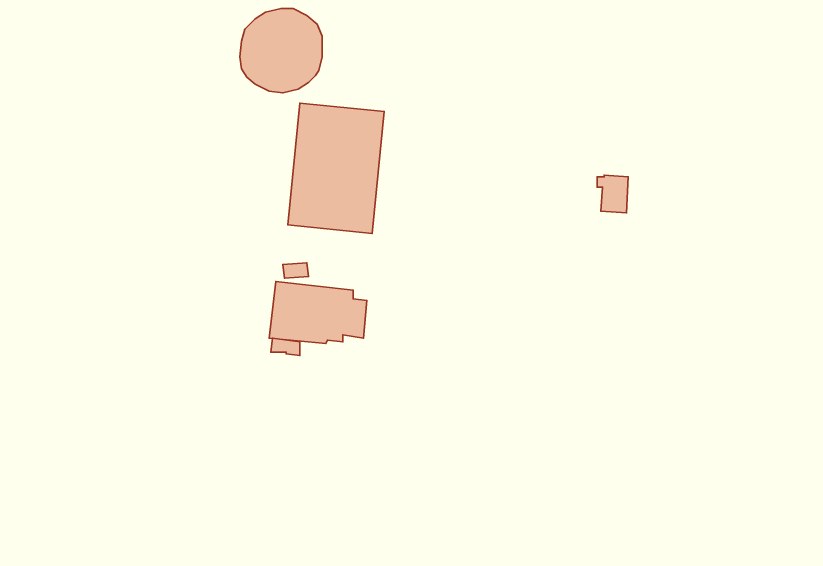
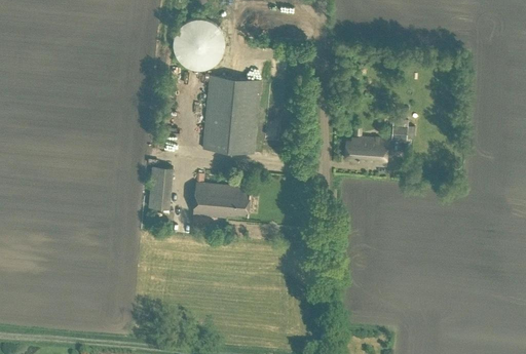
building: none -> [343,136,386,165]
building: none -> [148,164,173,206]

